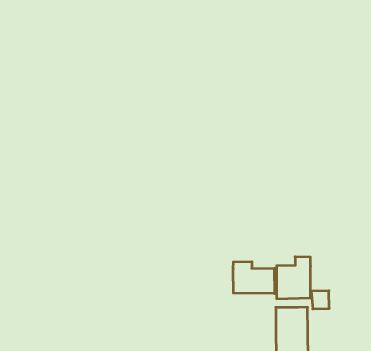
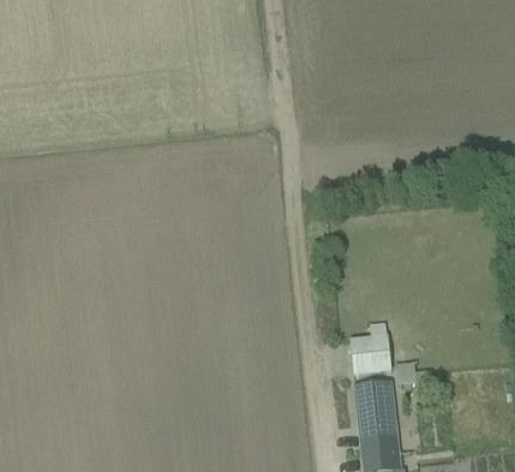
building: [233,262,274,294] -> none

